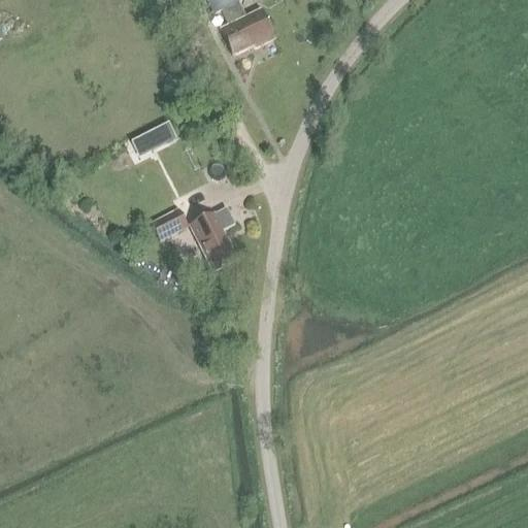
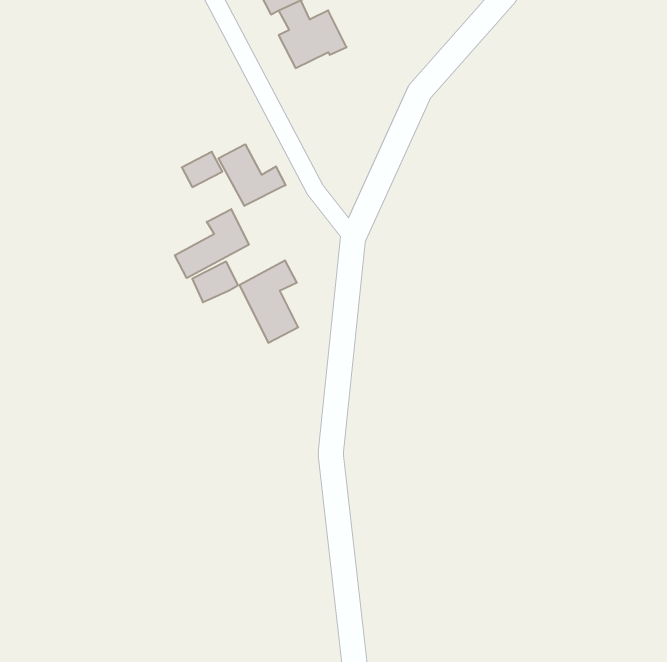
building: none -> [218,144,286,206]
building: none -> [175,209,249,278]

